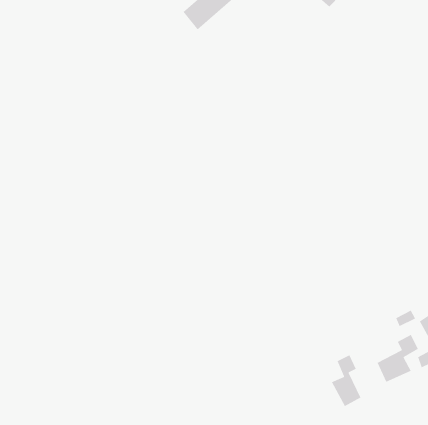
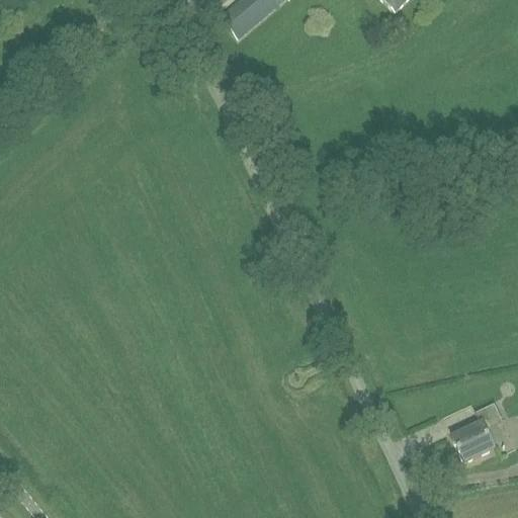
building: [331,354,362,407] -> none

